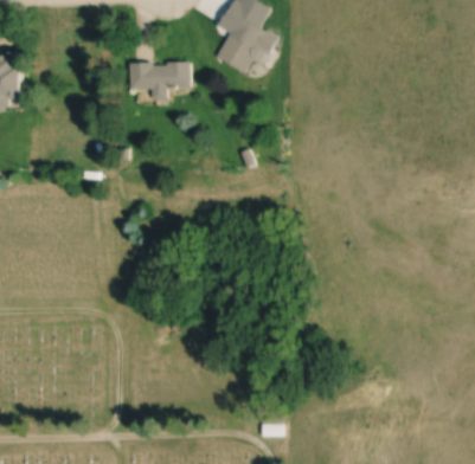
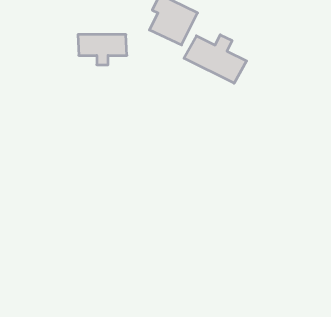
building: none -> [184,35,247,83]

